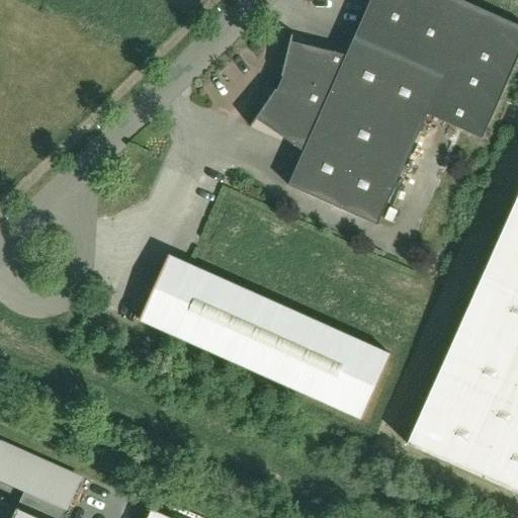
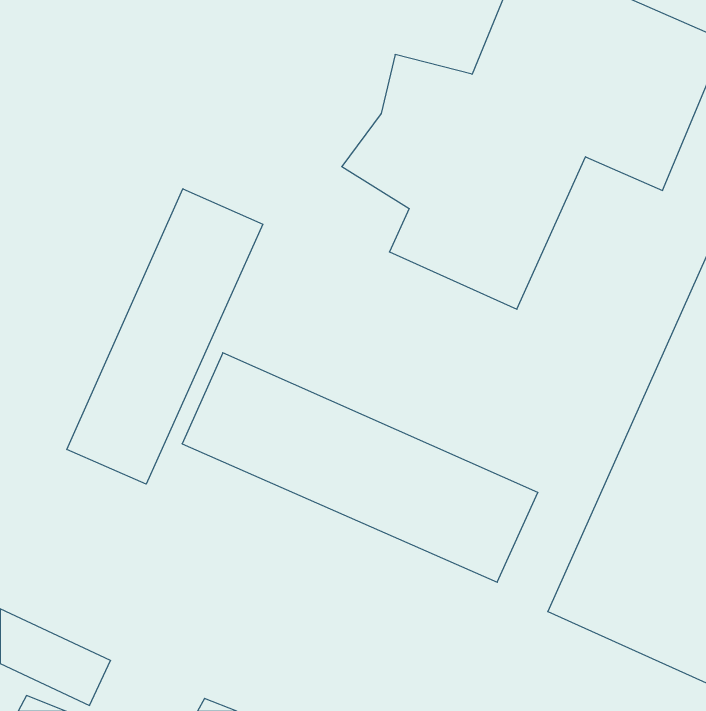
building: none -> [67,189,263,484]

